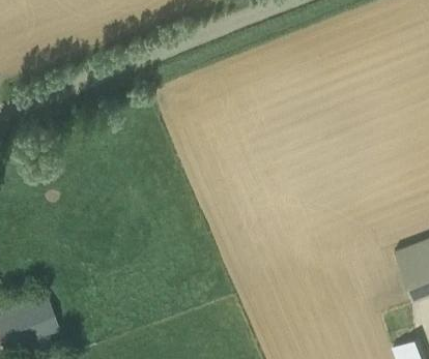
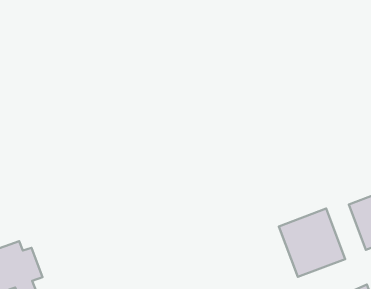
building: none -> [279,209,345,277]

